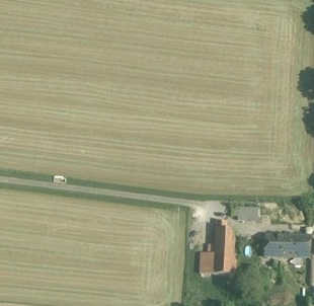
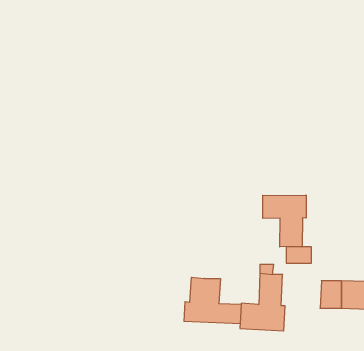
building: none -> [263,195,306,247]
building: none -> [184,277,241,324]

